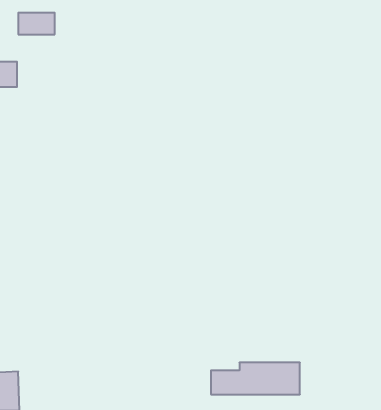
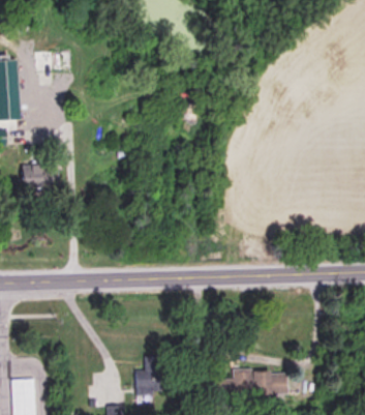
building: none -> [24,165,55,187]
building: none -> [136,356,161,391]

